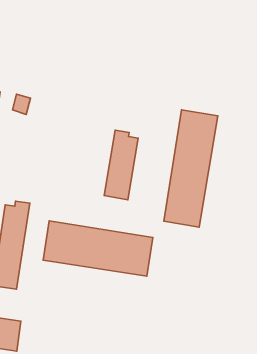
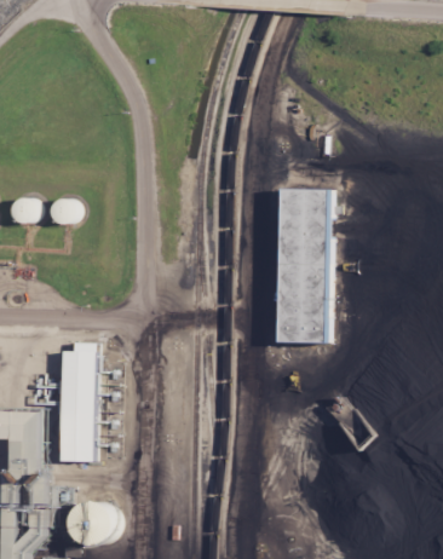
building: [104,130,138,200] -> none
building: [43,221,153,276] -> none

